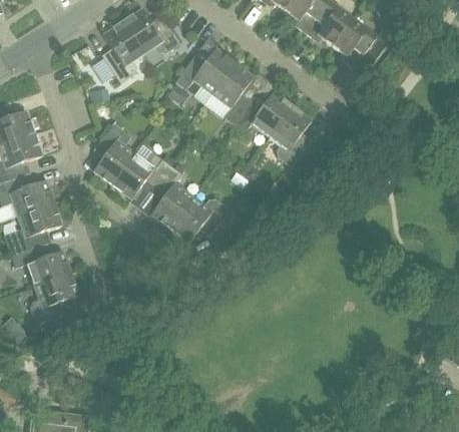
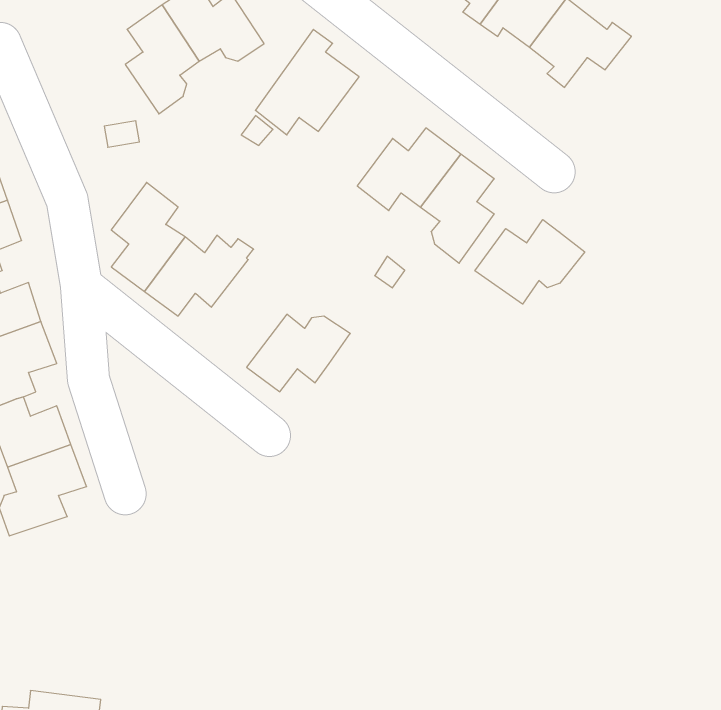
building: [211,62,254,124] -> none
building: none -> [475,220,585,304]
building: [150,162,193,228] -> none

